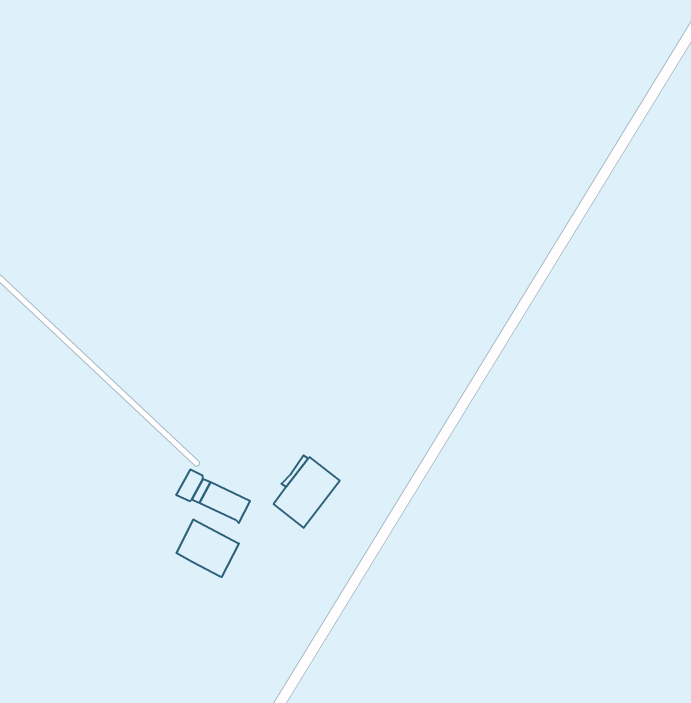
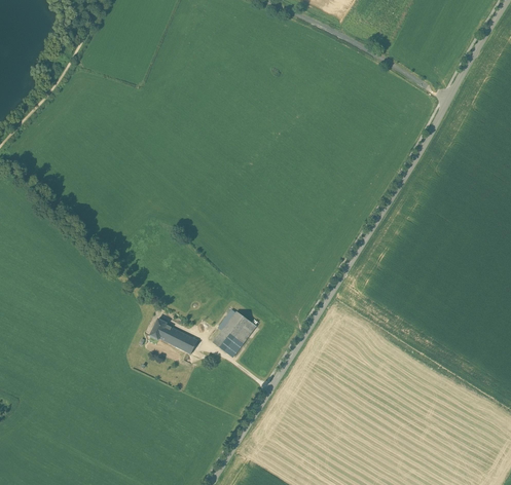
building: [176,519,239,577] -> none

